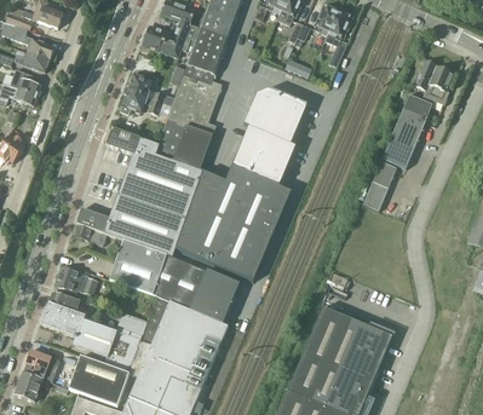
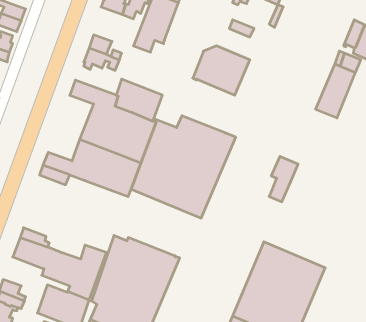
building: [163,81,220,143] -> none
building: [231,125,297,185] -> none
building: [363,158,396,209] -> [269,156,298,202]
building: [108,238,240,323] -> none
building: [56,266,97,295] -> none

